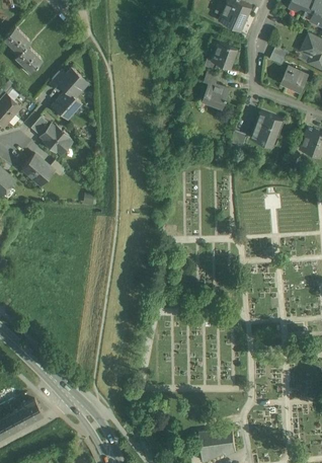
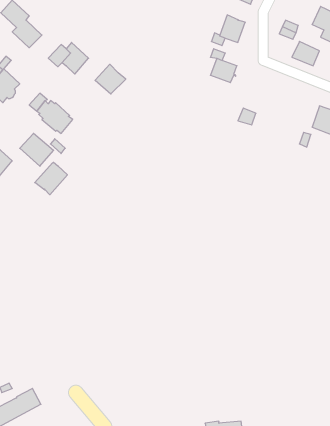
building: [51,90,80,119] -> [95,64,126,94]
building: [249,111,280,147] -> none
building: none -> [35,162,67,195]

